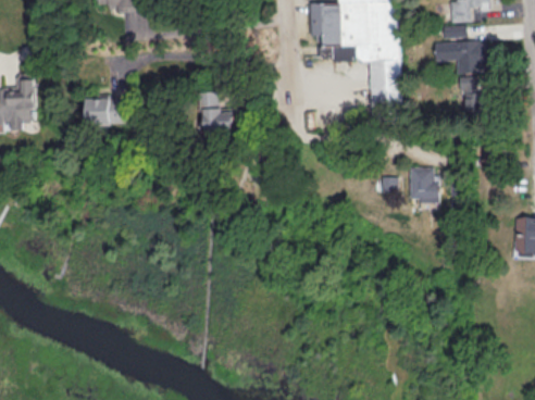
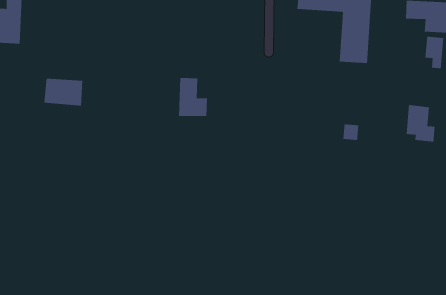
building: [201,92,234,134] -> [178,78,208,117]
building: [86,97,126,124] -> [44,78,83,106]
building: [409,167,439,204] -> [406,104,436,142]

